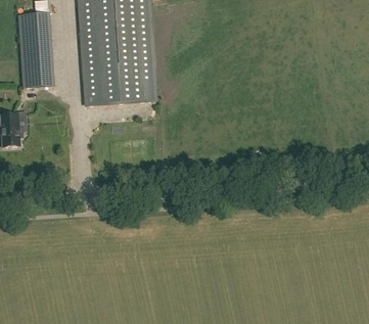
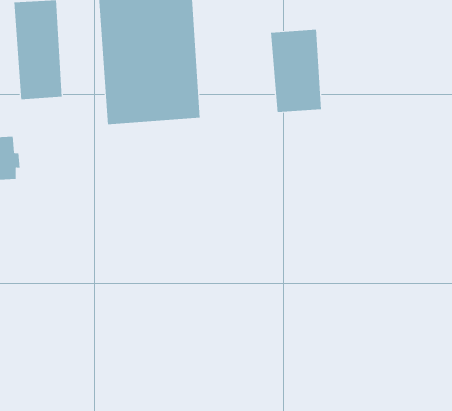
building: none -> [271,29,322,113]

